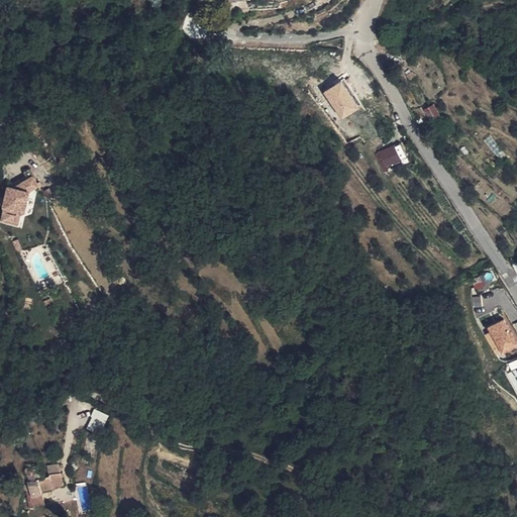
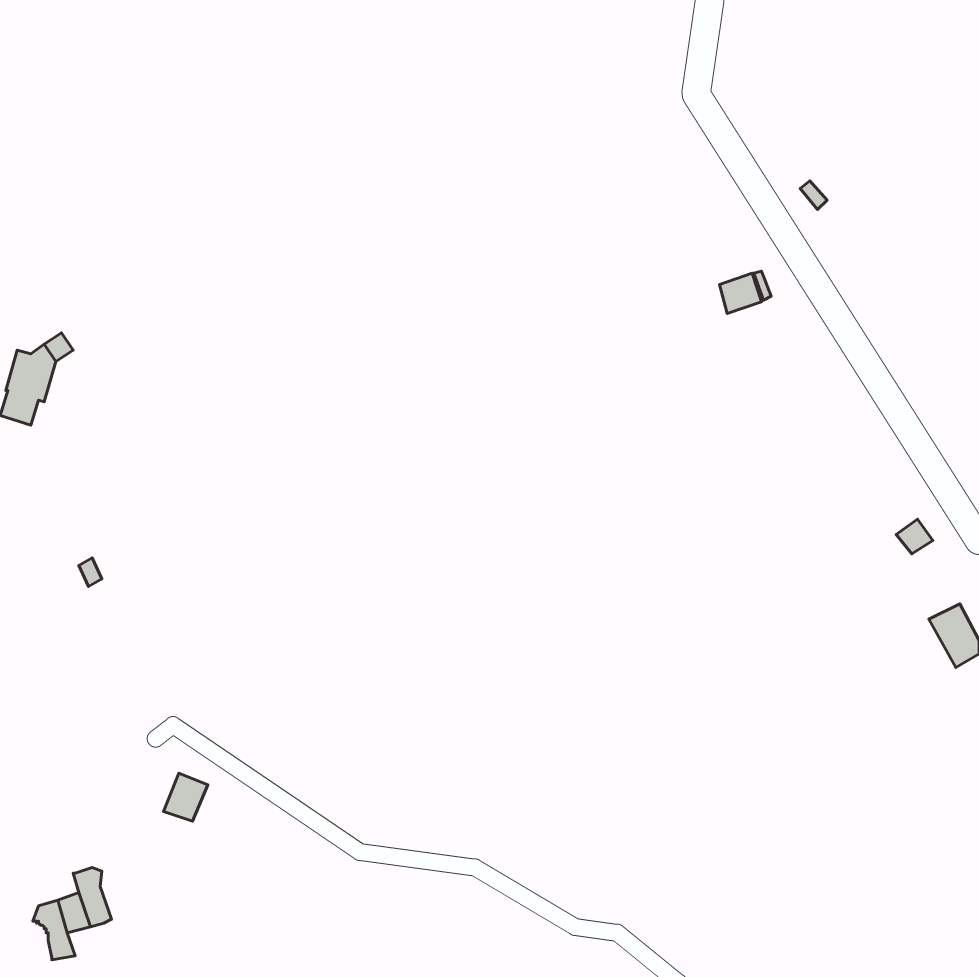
building: [324,81,359,119] -> none

